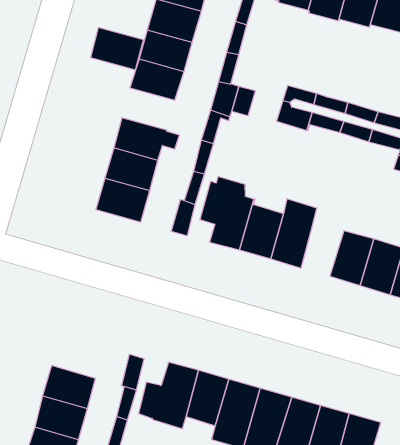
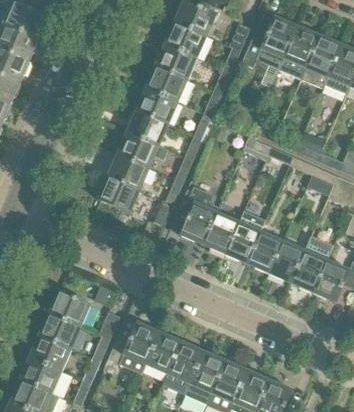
building: [90,27,143,70] -> [126,110,168,146]
building: none -> [247,230,283,273]
building: none -> [48,290,90,327]

